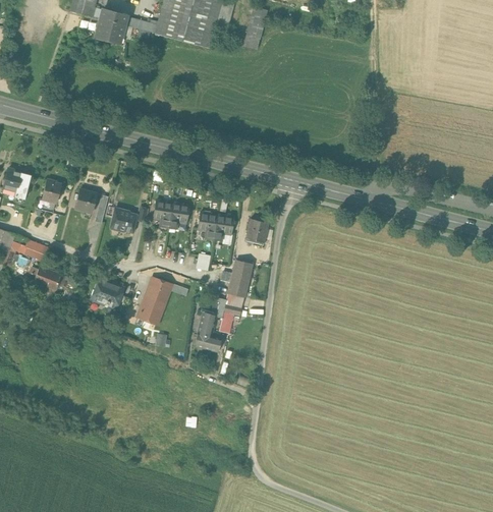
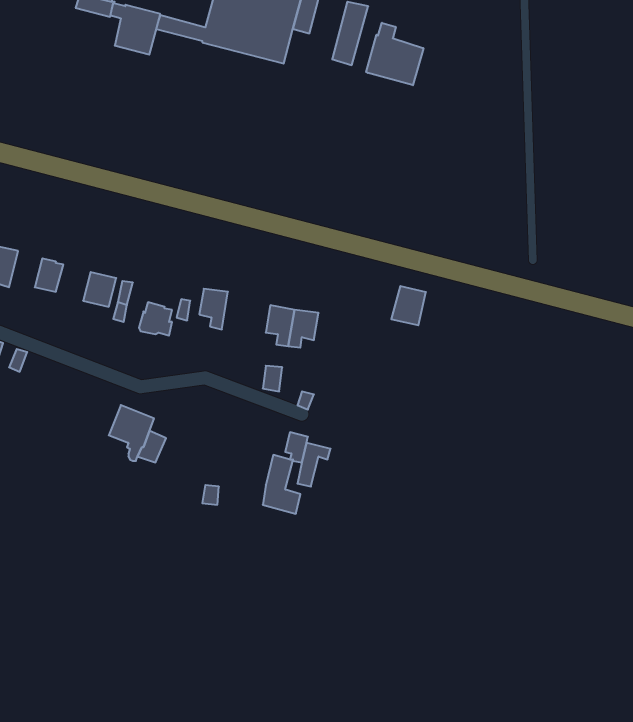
building: none -> [366,23,423,85]
building: [168,203,189,229] -> none
building: [244,219,268,245] -> [391,286,426,325]
building: [228,260,252,297] -> none
building: [31,267,61,294] -> none
building: [138,277,171,325] -> none

